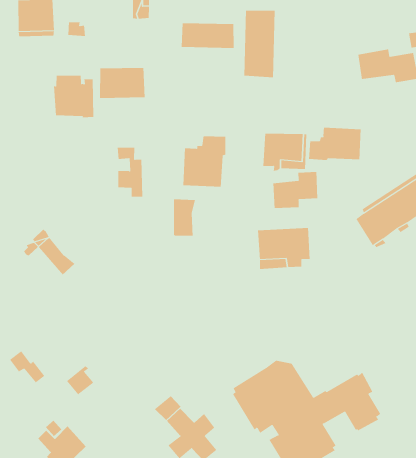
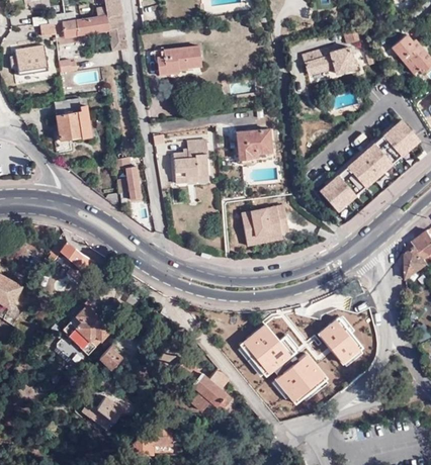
building: [244,10,275,78] -> none
building: [100,67,145,99] -> none
building: [309,127,361,161] -> none
building: [273,171,318,209] -> none
building: [174,199,195,236] -> none
building: none -> [64,304,115,355]

